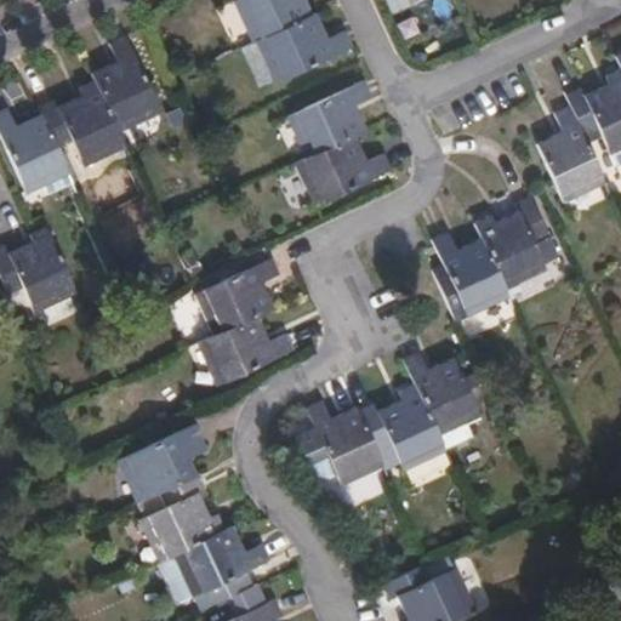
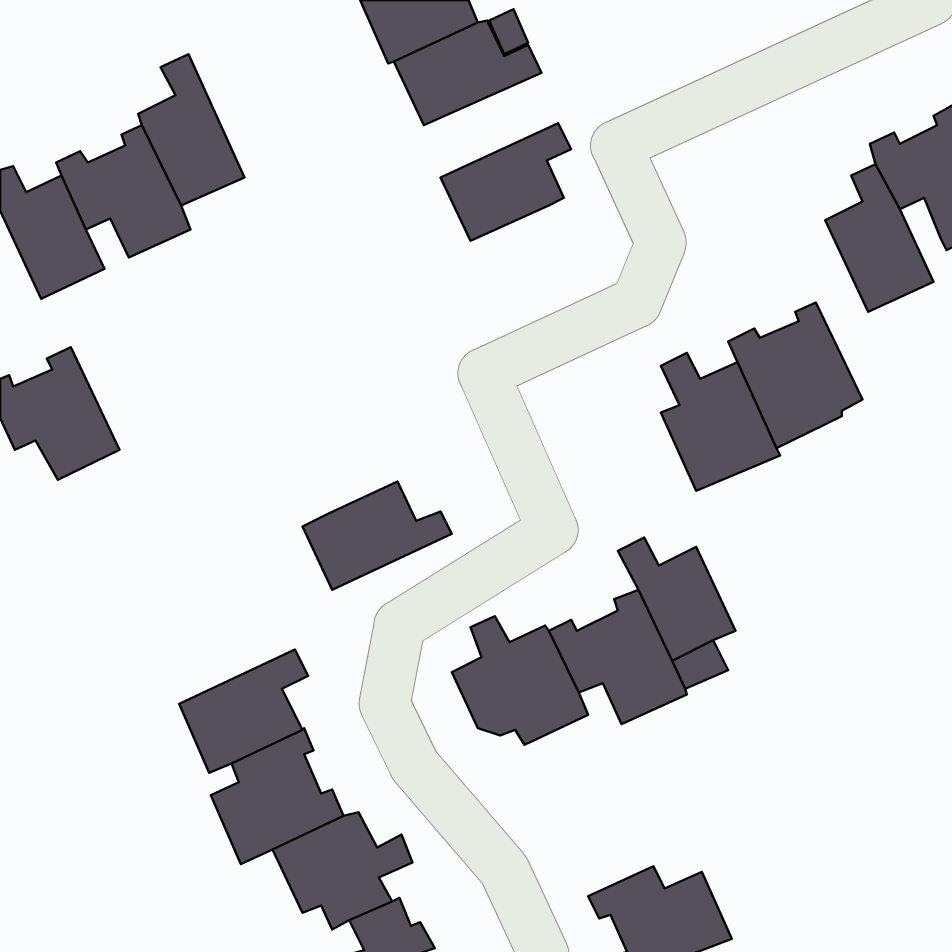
building: [296,135,393,206] -> none
building: [196,260,280,335] -> none

